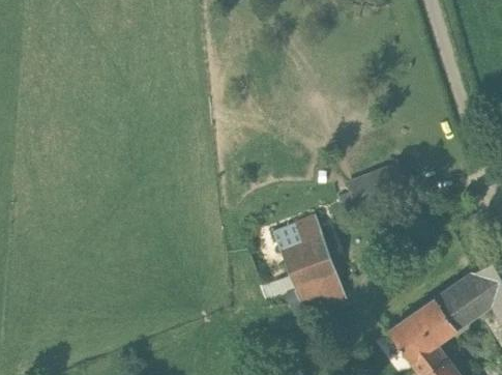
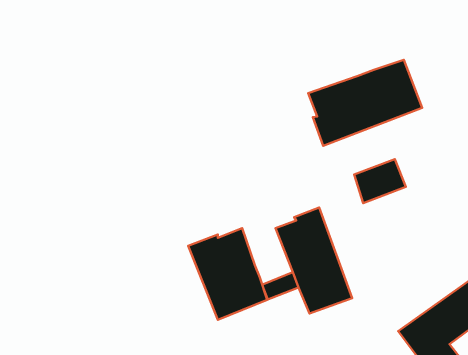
building: none -> [308,60,422,146]
building: none -> [188,228,267,320]

